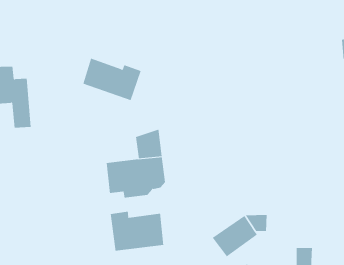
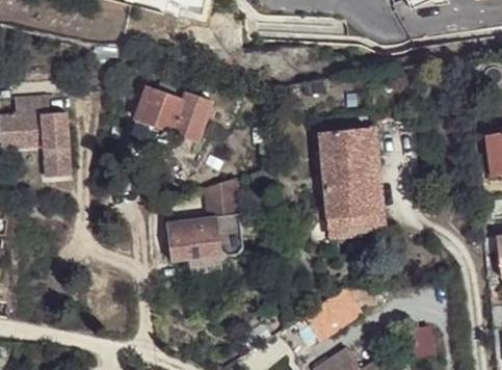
building: none -> [318,131,382,238]
building: [110,211,164,252] -> none

